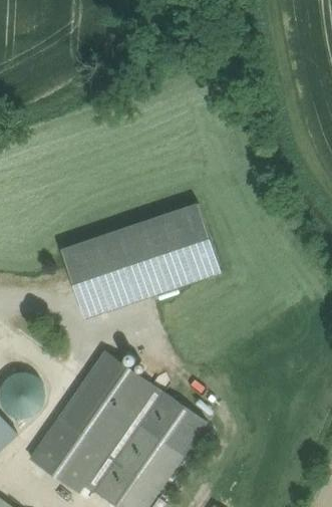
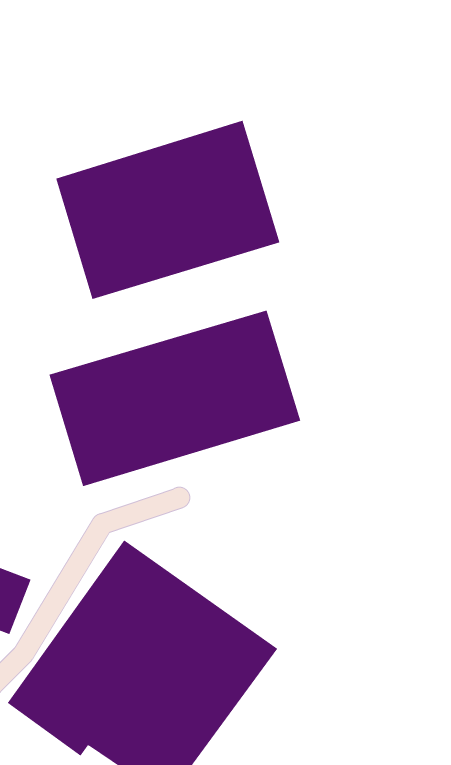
building: none -> [56,120,280,300]

